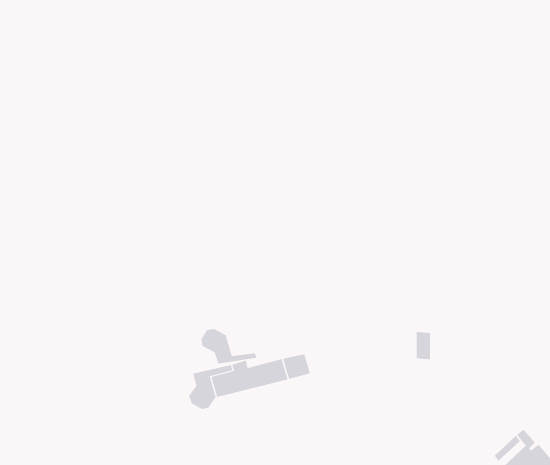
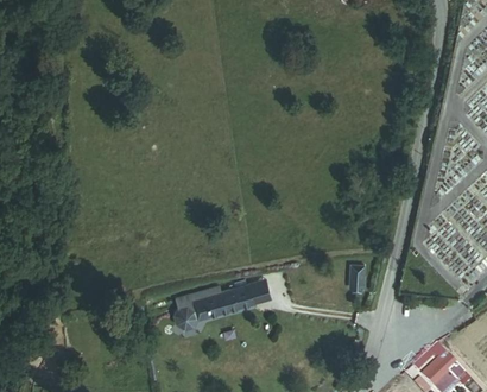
building: [201,328,257,365] -> none

